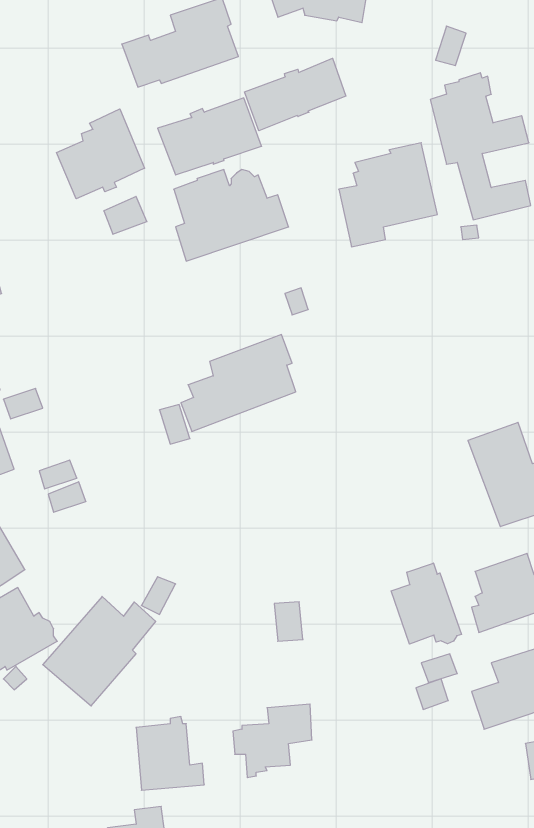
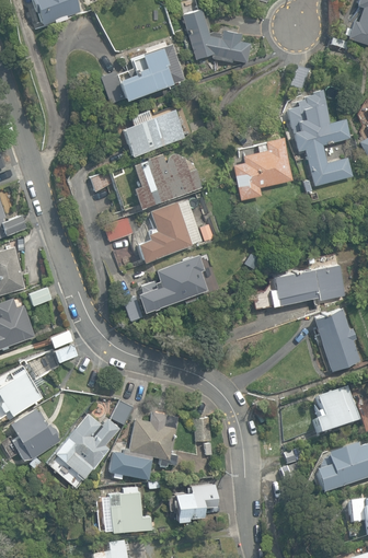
building: [245,58,346,131] -> none
building: [56,109,145,199] -> none
building: none -> [135,202,193,264]
building: none -> [104,219,134,242]
building: none -> [251,266,344,310]
building: [391,563,462,644] -> none
building: none -> [108,417,176,479]

